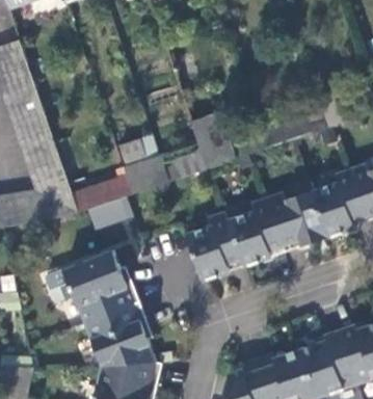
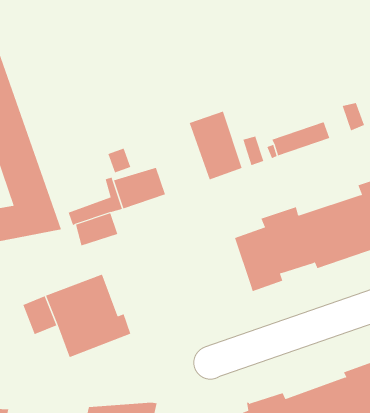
building: [186,210,242,278] -> none
building: [85,301,157,365] -> none

